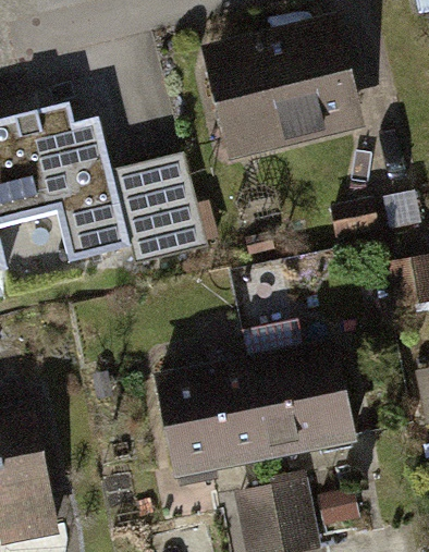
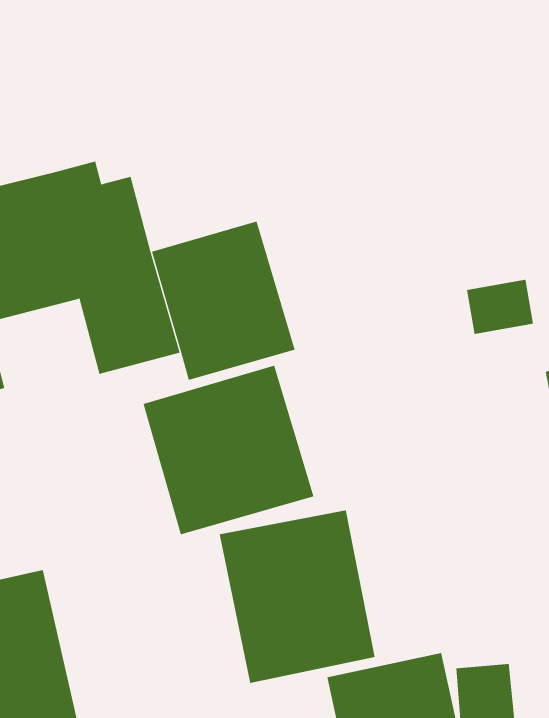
building: [204,23,369,159] -> none
building: none -> [143,365,314,535]
building: [247,346,356,468] -> none

